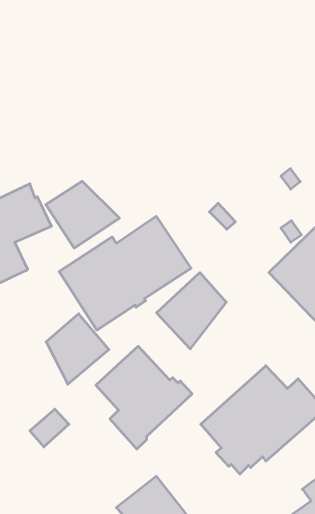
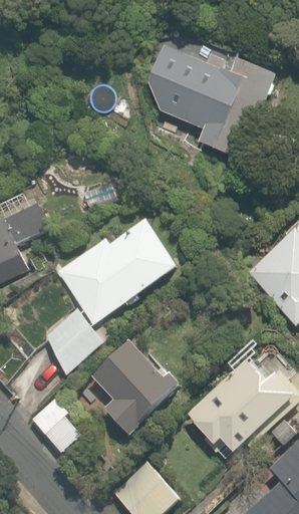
building: none -> [150,47,274,160]
building: [46,181,119,248] -> none
building: [157,273,226,349] -> none

